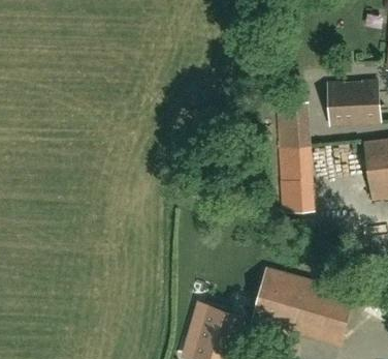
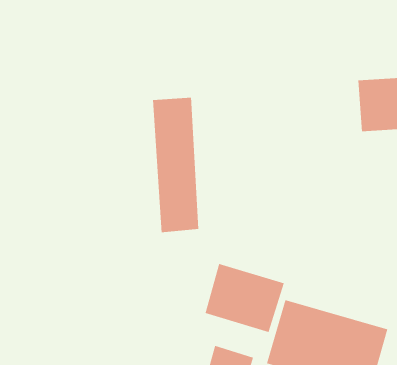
building: [273,99,313,213] -> [152,97,199,233]
building: none -> [205,263,285,333]

